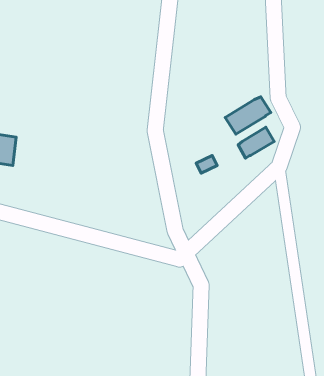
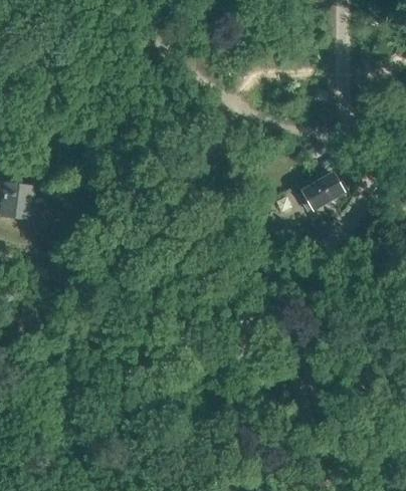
building: [225,97,271,134] -> none

